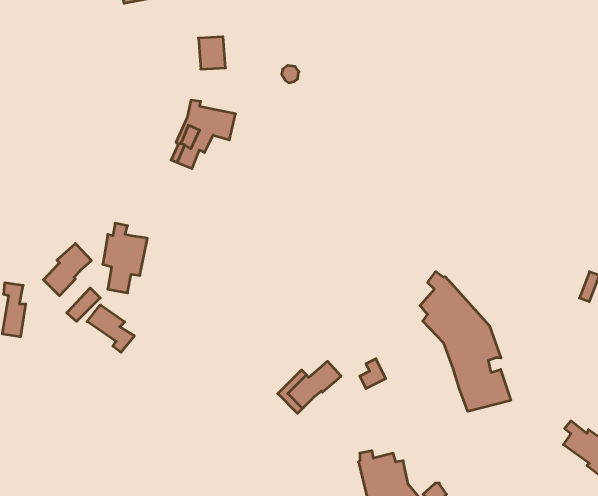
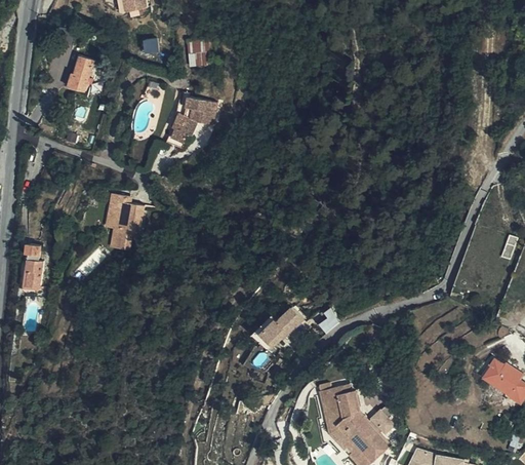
building: none -> [66,56,94,92]
building: [43,243,91,296] -> none
building: [420,272,511,411] -> none
building: [87,305,134,352] -> none

